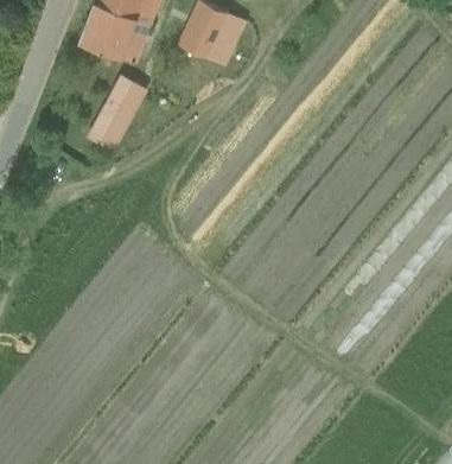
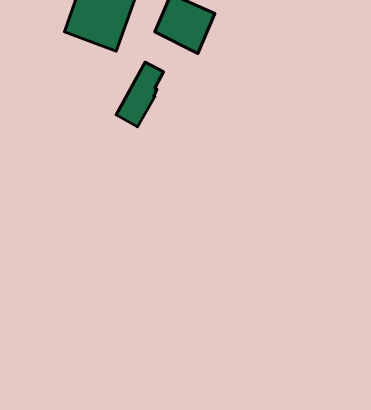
building: [87,76,139,147] -> [116,62,163,127]

